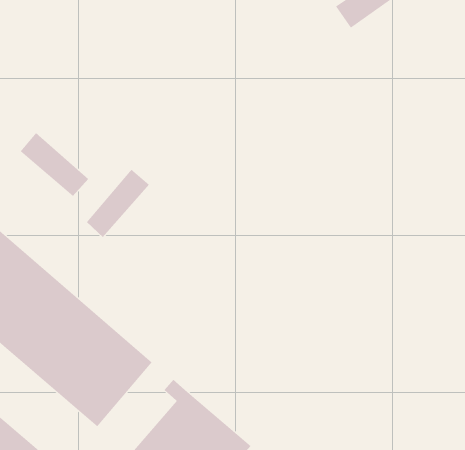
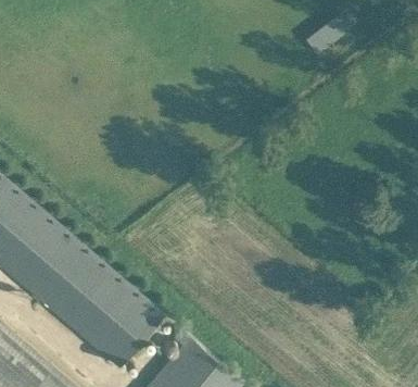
building: [20,132,89,197] -> none
building: [86,169,150,238] -> none

